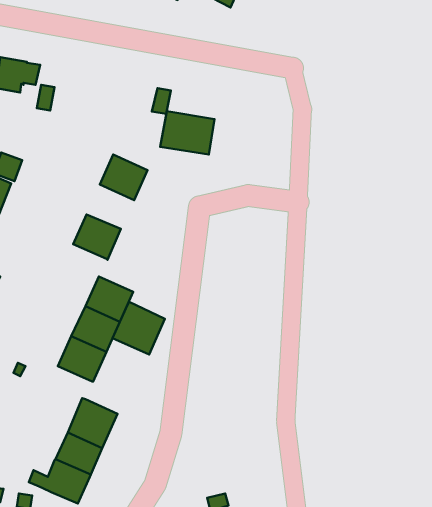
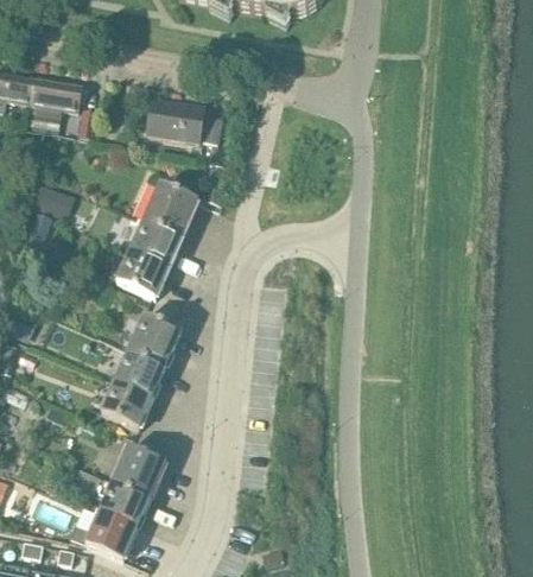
building: [160,111,214,154] -> [146,97,204,144]
building: none -> [132,216,183,264]
building: [112,302,165,355] -> none

